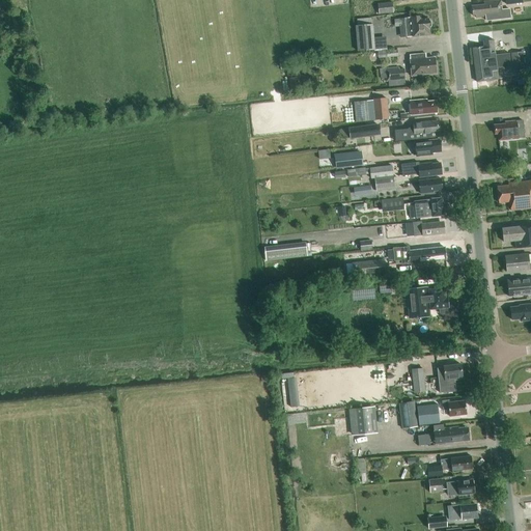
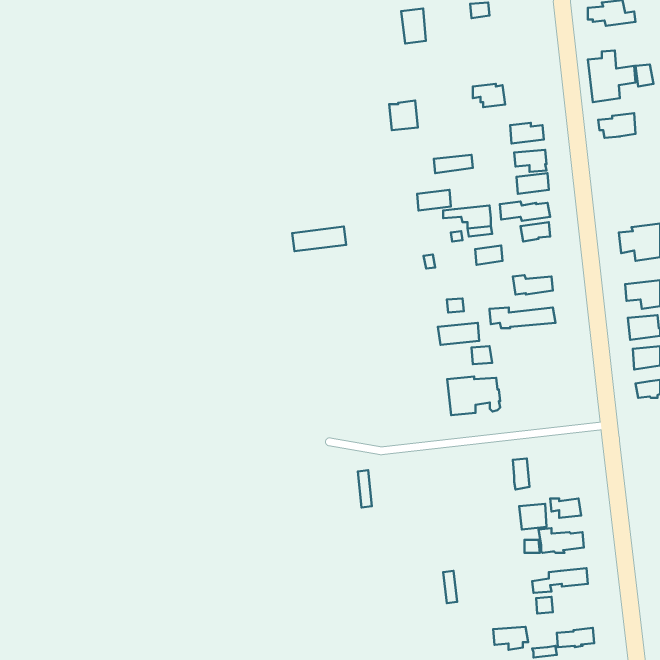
building: [406,17,431,37] -> none
building: [355,24,374,52] -> [401,9,426,43]
building: [410,54,437,76] -> none
building: [366,97,389,121] -> [389,100,418,130]
building: [494,120,524,140] -> [598,113,636,138]
building: [414,198,444,219] -> none
building: [263,242,307,261] -> [292,227,346,251]
building: [406,287,448,318] -> [447,377,500,415]
building: [437,364,463,392] -> none
building: [398,401,417,429] -> none
building: [347,408,376,437] -> none
building: [446,480,474,499] -> [493,627,528,650]

